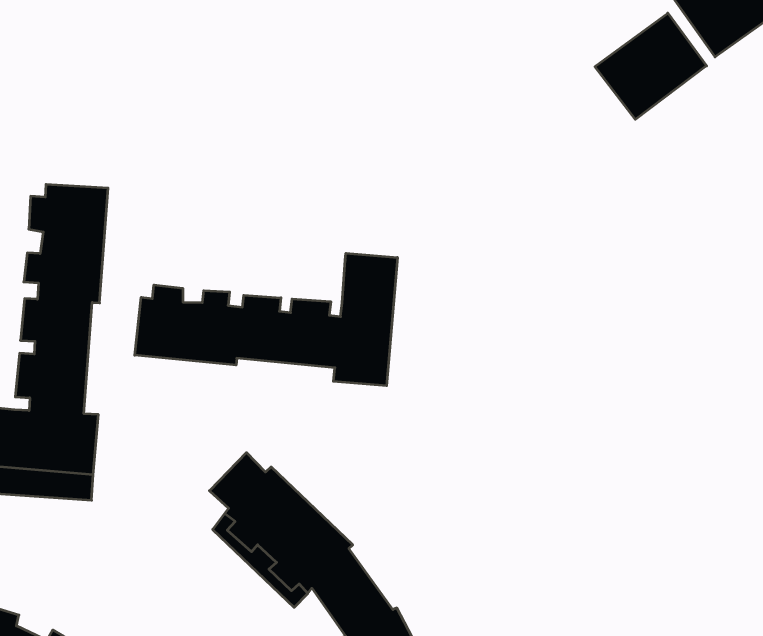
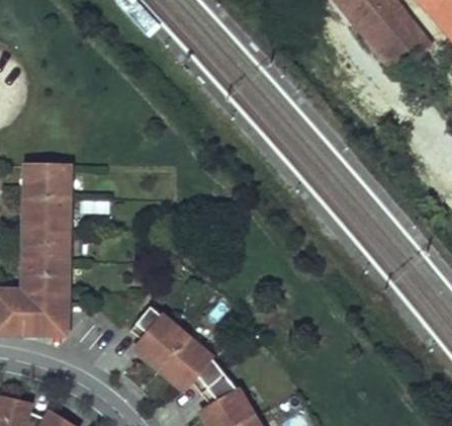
building: [595,13,707,119] -> none
building: [135,253,397,386] -> none

